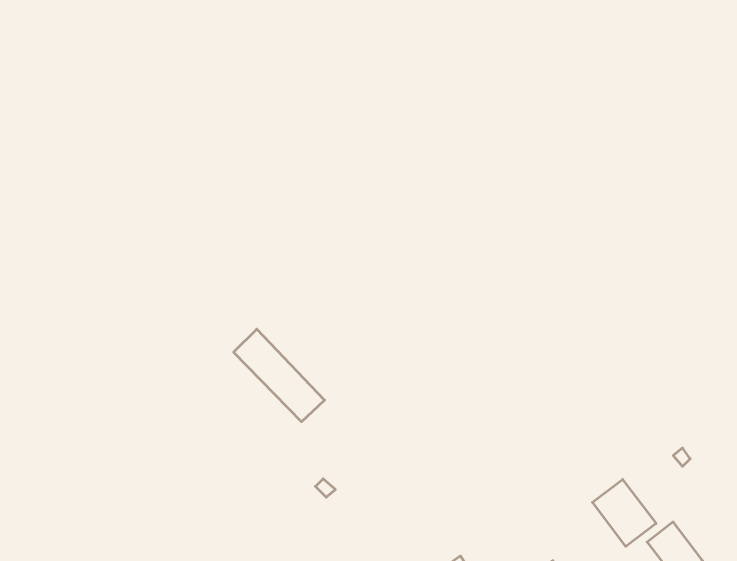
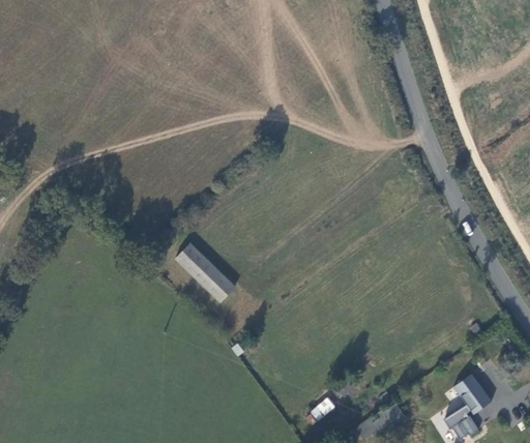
building: [592,479,656,546] -> none

